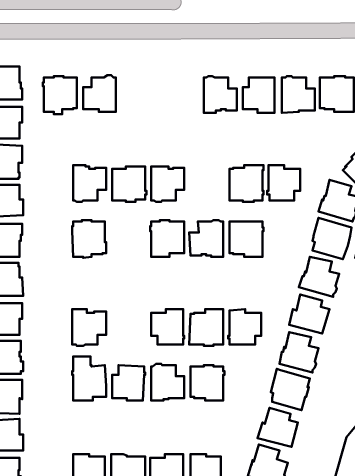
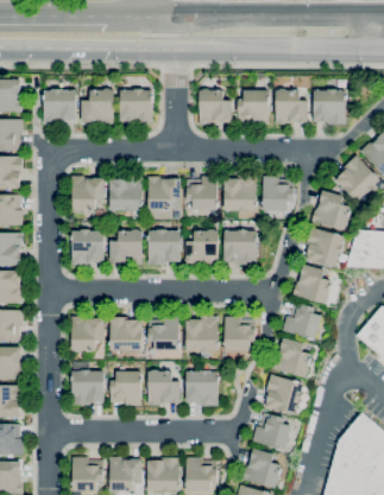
building: none -> [120,90,153,126]
building: none -> [187,177,219,211]
building: none -> [111,230,143,266]
building: none -> [109,318,143,353]

